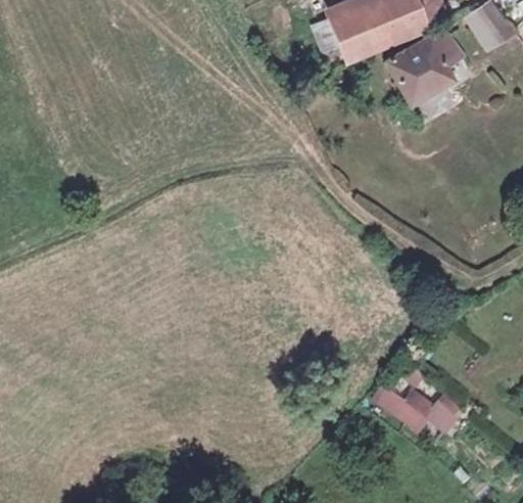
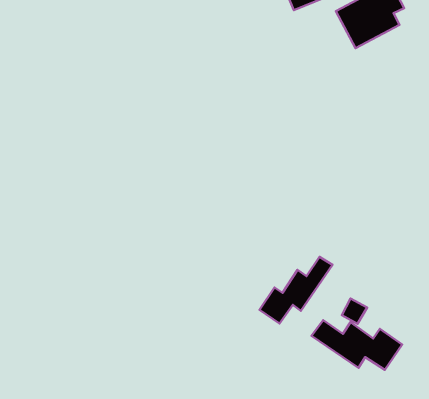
building: none -> [259,257,333,324]

